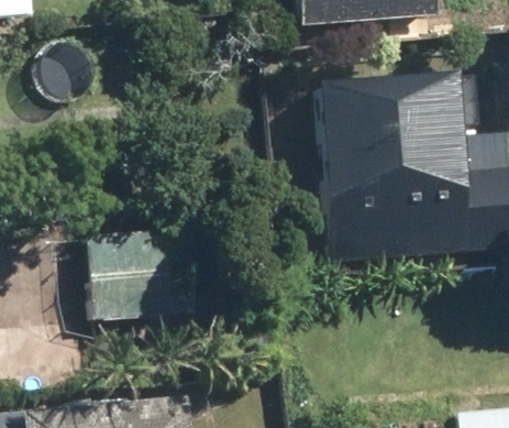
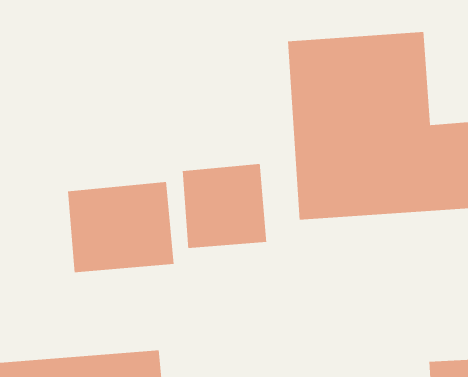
building: none -> [182,163,267,249]

